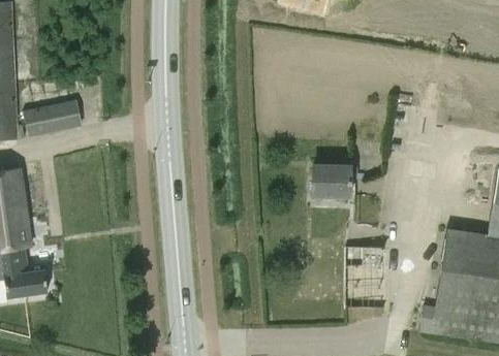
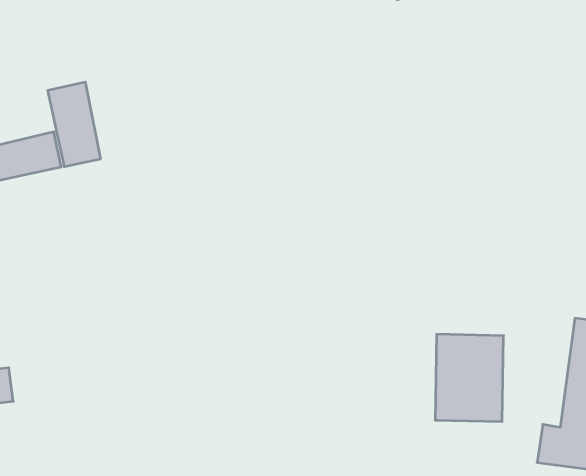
building: none -> [48,82,100,167]
building: [313,165,349,195] -> none

